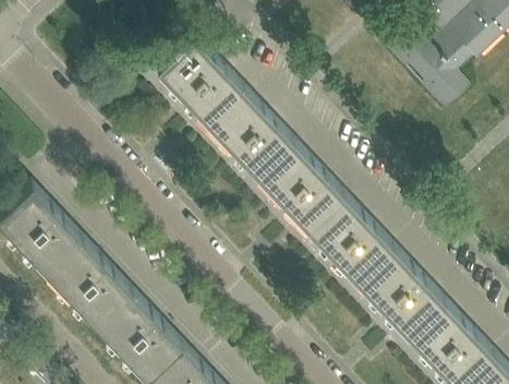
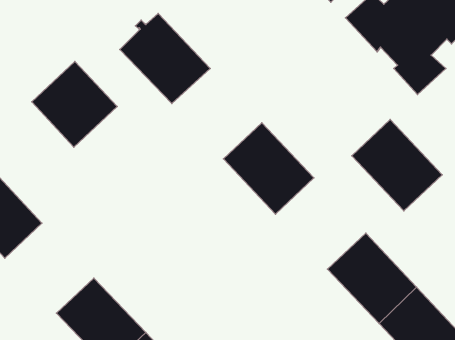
building: none -> [32,61,117,147]
building: [204,86,291,173] -> none
building: [304,192,391,280] -> [352,120,442,211]
building: [43,236,129,323] -> none

